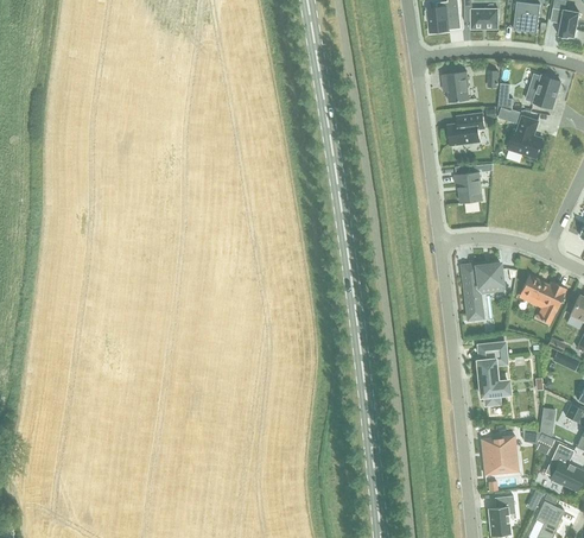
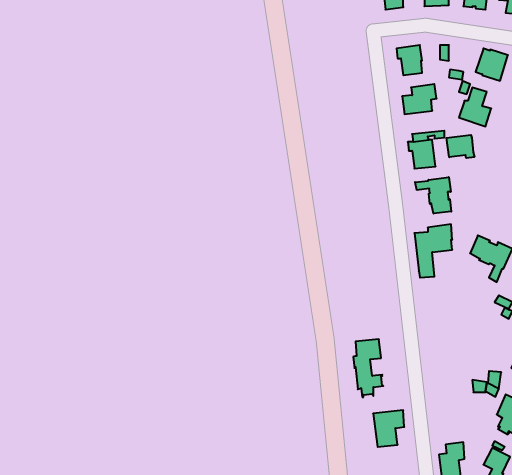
building: none -> [446,135,474,158]
building: none -> [415,177,451,214]
building: [476,342,508,404] -> [353,339,383,397]
building: [480,435,513,474] -> [373,410,404,447]

